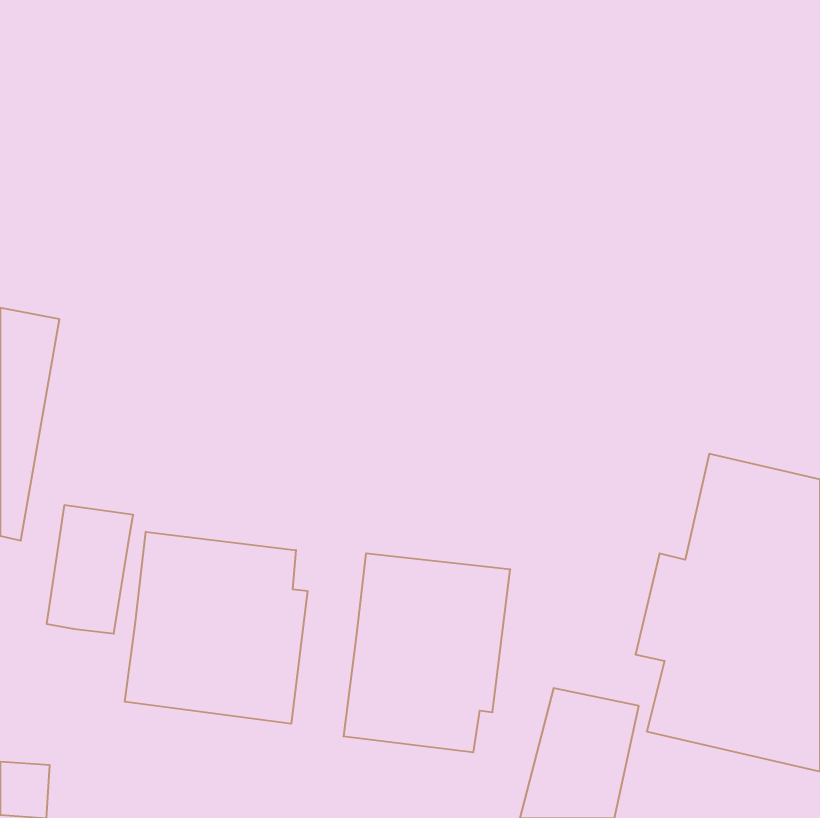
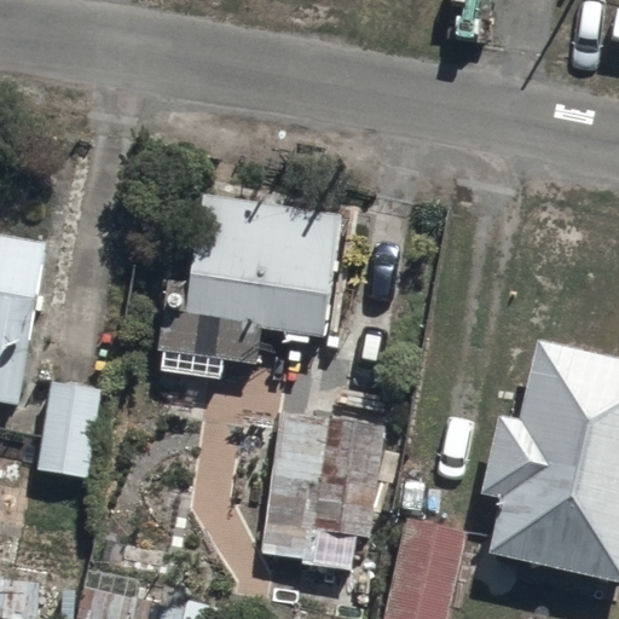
building: none -> [156,193,342,382]
building: [125,532,307,724] -> none

